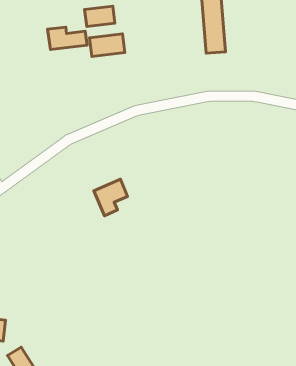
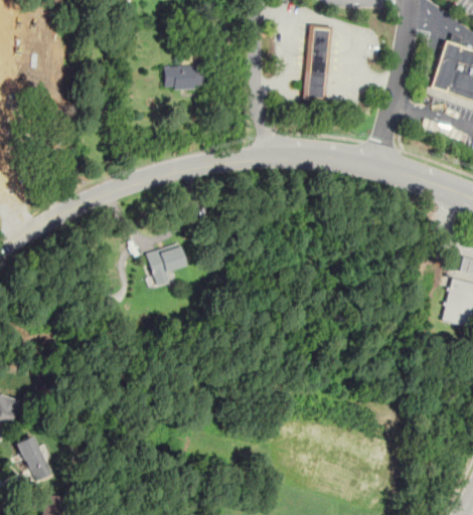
building: [85,6,115,26] -> none
building: [48,27,87,50] -> none

